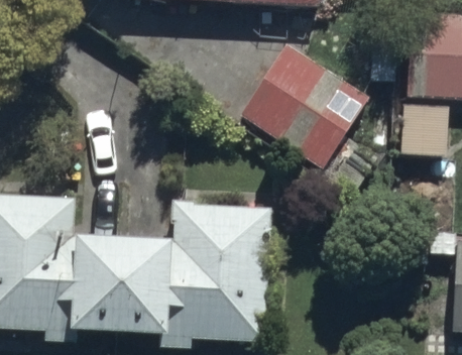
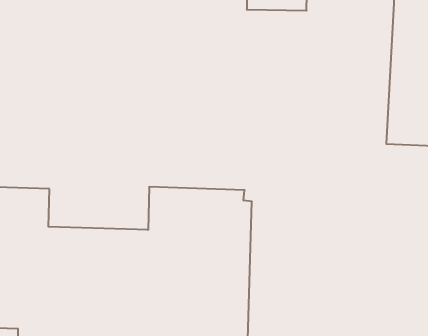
building: [244,39,371,167] -> none

